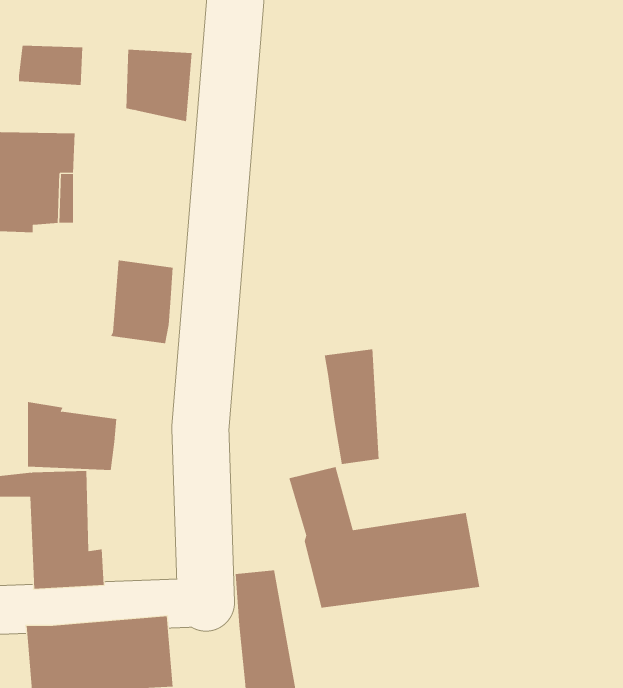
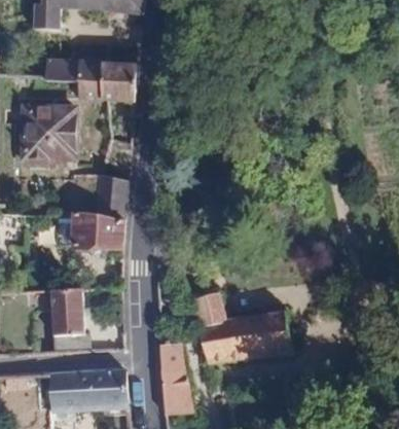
building: none -> [77,61,103,97]
building: [324,348,379,465] -> none
building: [27,402,117,471] -> [75,211,123,248]

